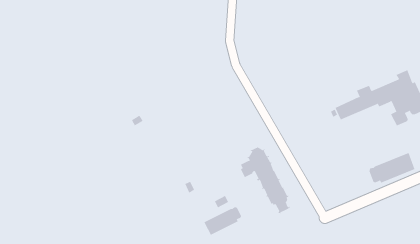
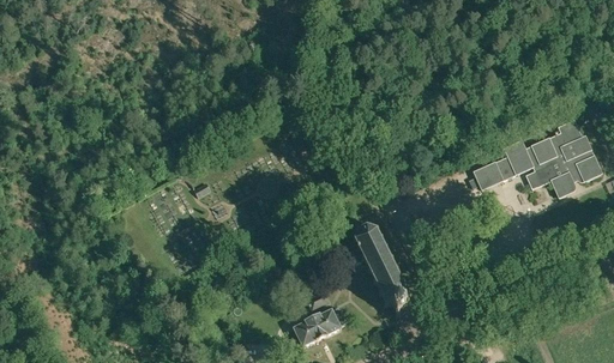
building: [369,152,415,184] -> none

